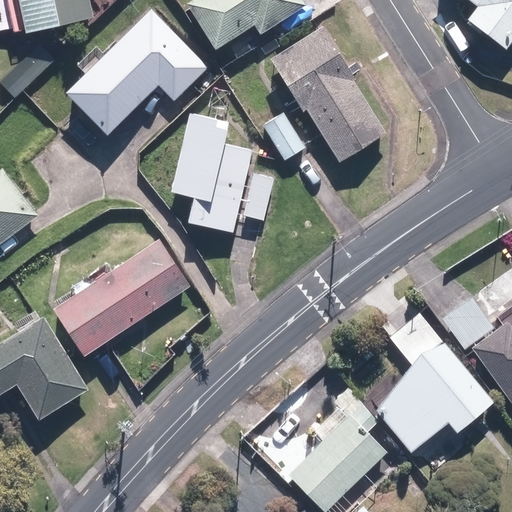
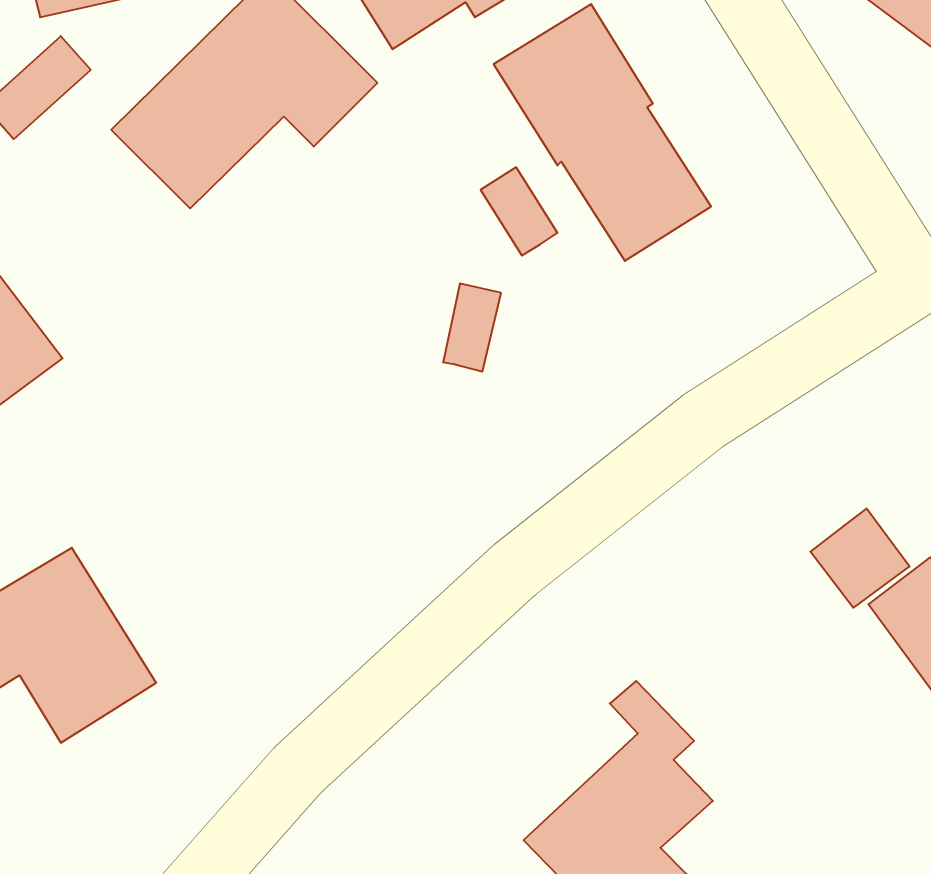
building: [172,113,251,233] -> none
building: [54,239,191,356] -> none
building: [373,311,491,449] -> none

